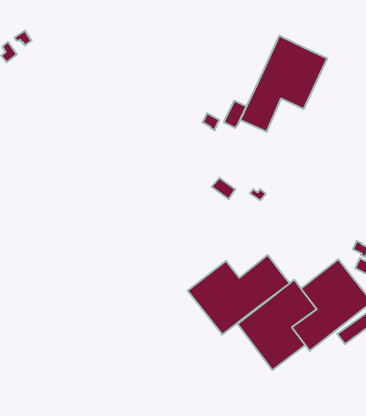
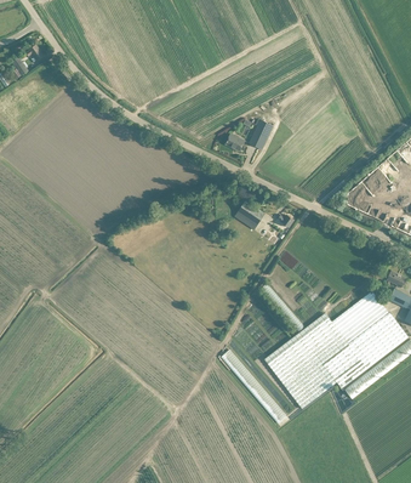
building: [240,36,327,132] -> none
building: [188,255,290,335] -> none

